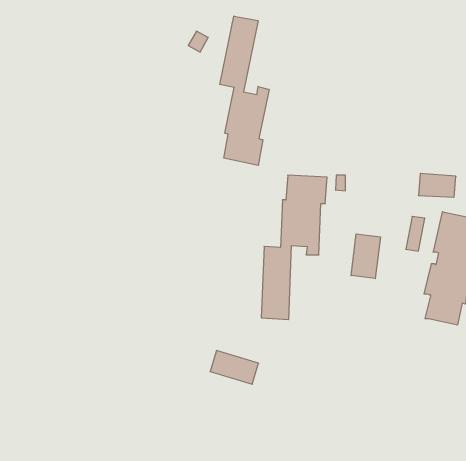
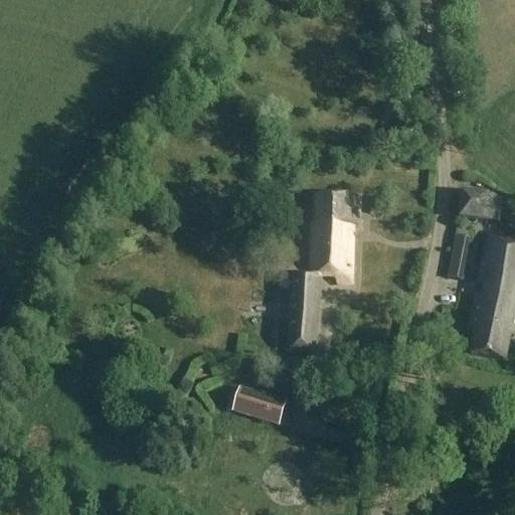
building: [220,16,269,165] -> none
building: [351,234,380,279] -> none

